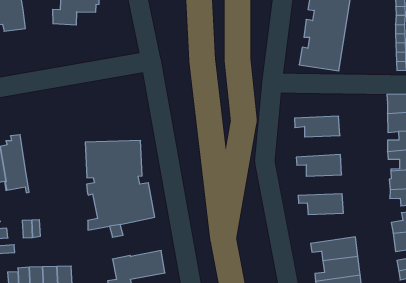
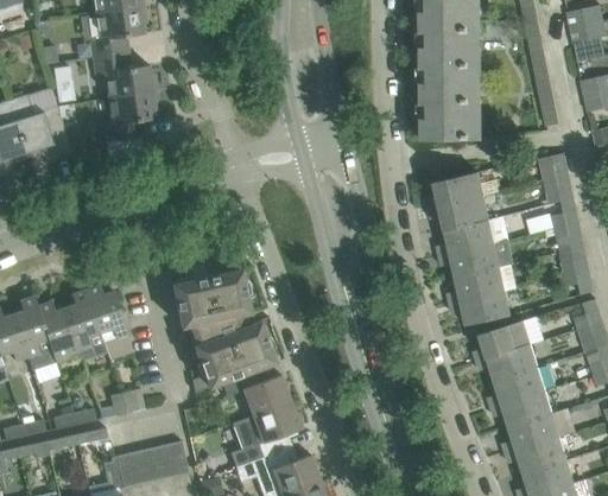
building: none -> [426,172,483,208]
building: none -> [89,287,132,358]
building: none -> [437,220,494,256]
building: none -> [448,268,505,304]
building: none -> [474,320,531,361]
building: none -> [243,375,291,416]

